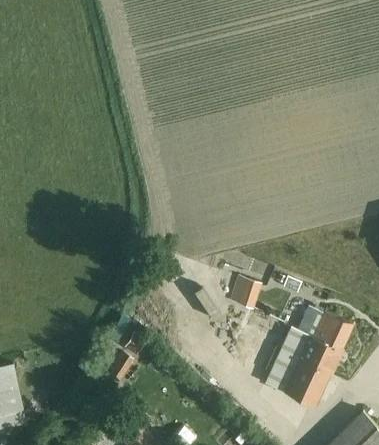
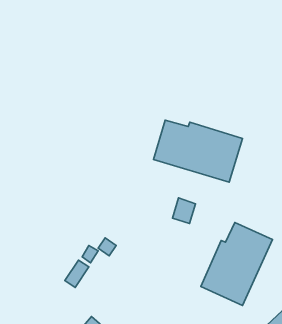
building: none -> [153,120,243,182]

